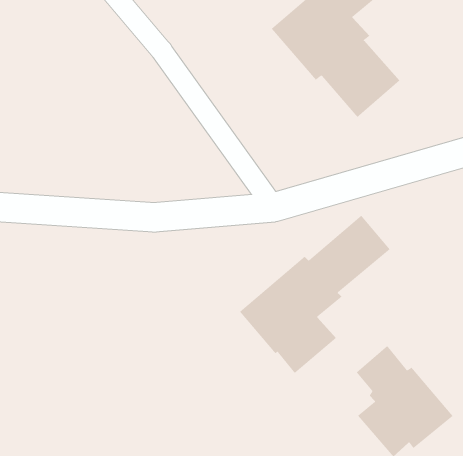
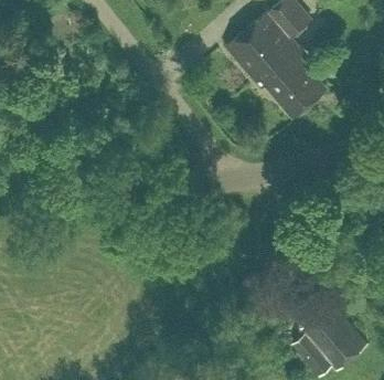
building: [239,215,390,374] -> none

